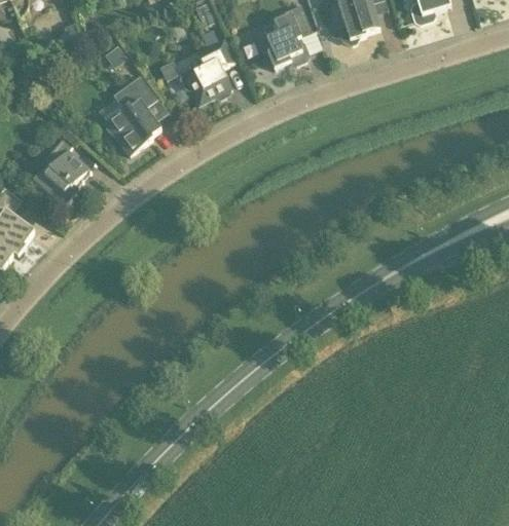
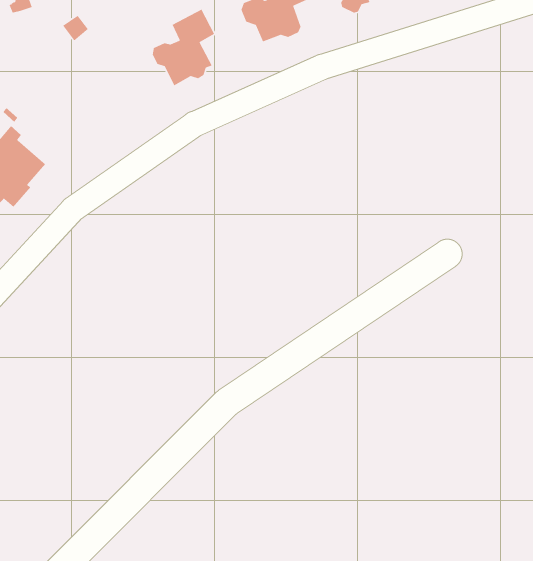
building: [105,73,160,152] -> none

